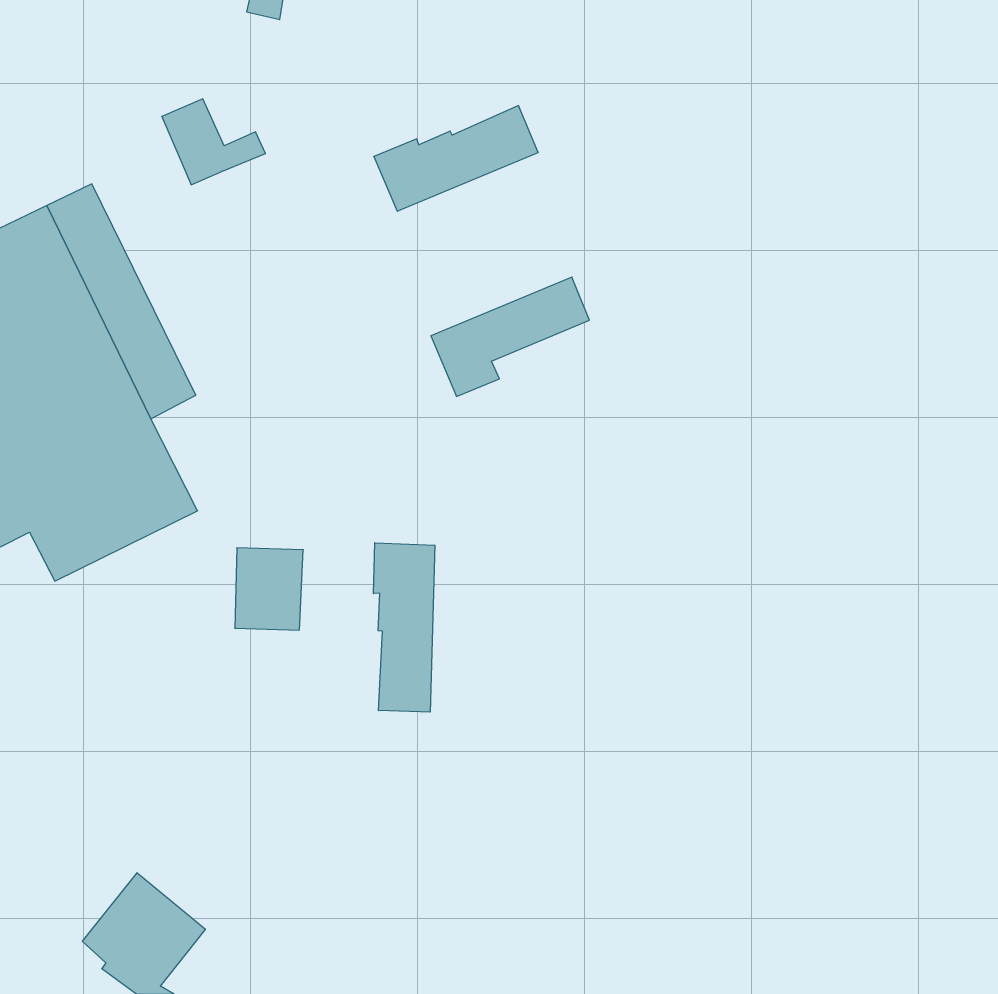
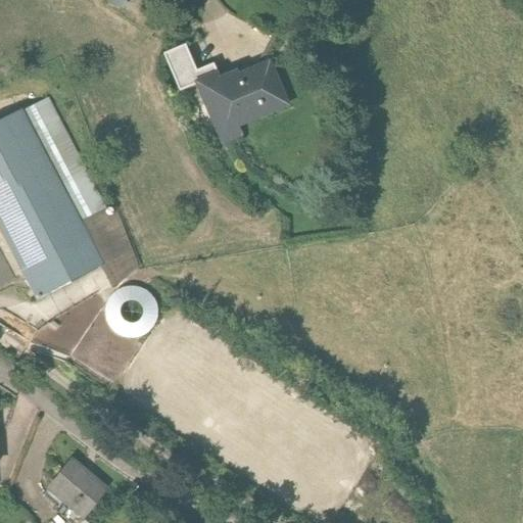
building: [162,99,265,185] -> [163,44,218,89]
building: [431,277,589,396] -> [207,80,290,142]
building: [374,543,435,712] -> none

